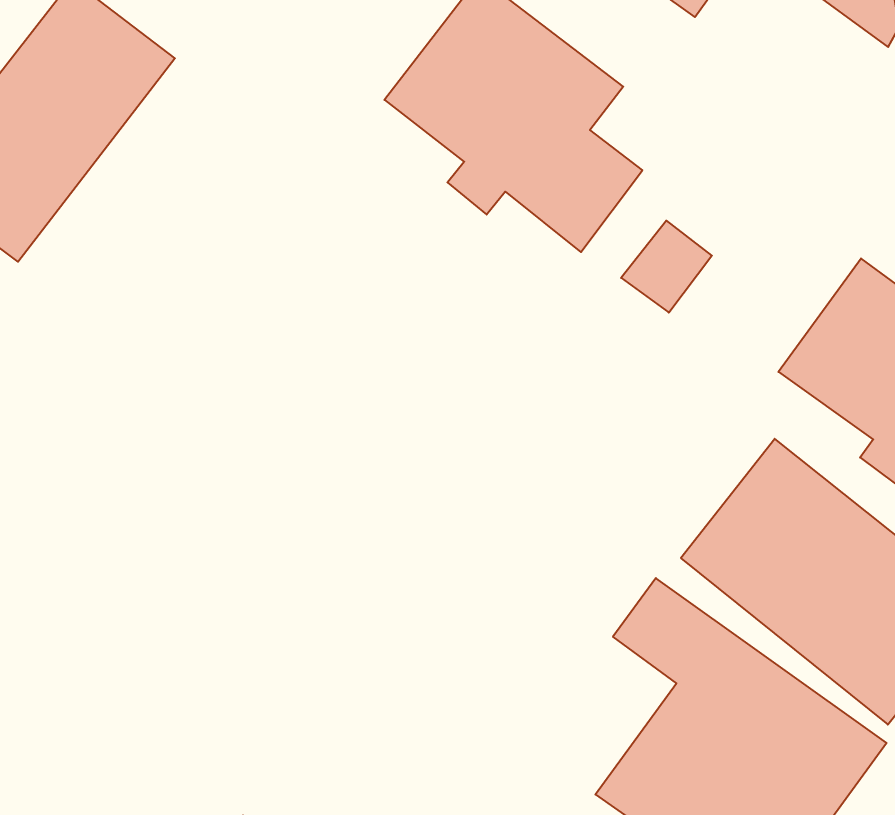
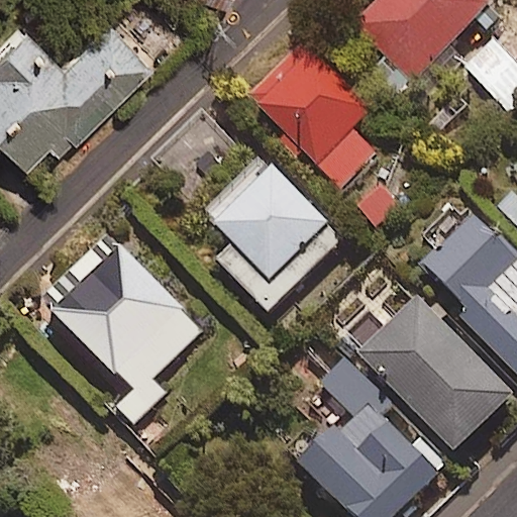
building: none -> [206,158,342,310]
building: none -> [45,239,201,423]

